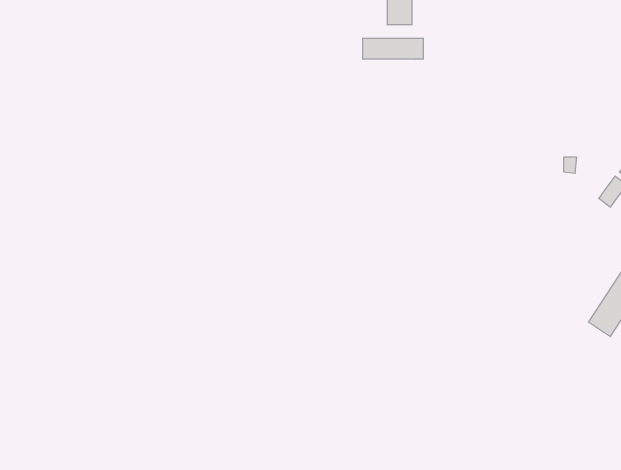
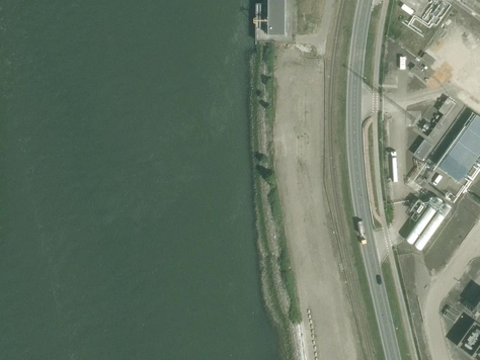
building: [363,38,423,59] -> none

